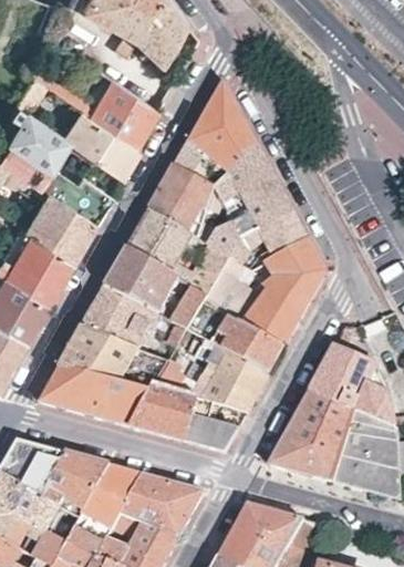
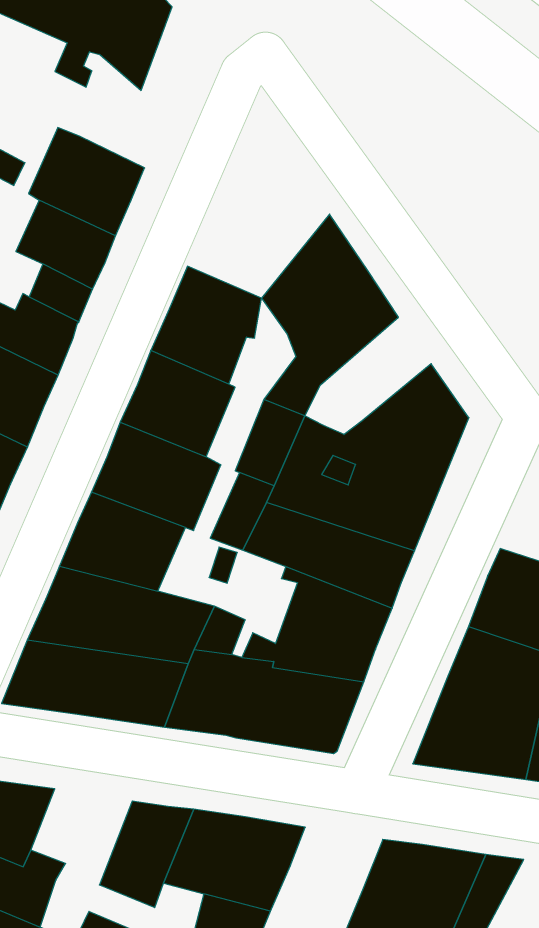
building: [176,80,260,187] -> none
building: [232,207,308,264] -> none
building: [48,452,108,516] -> none

